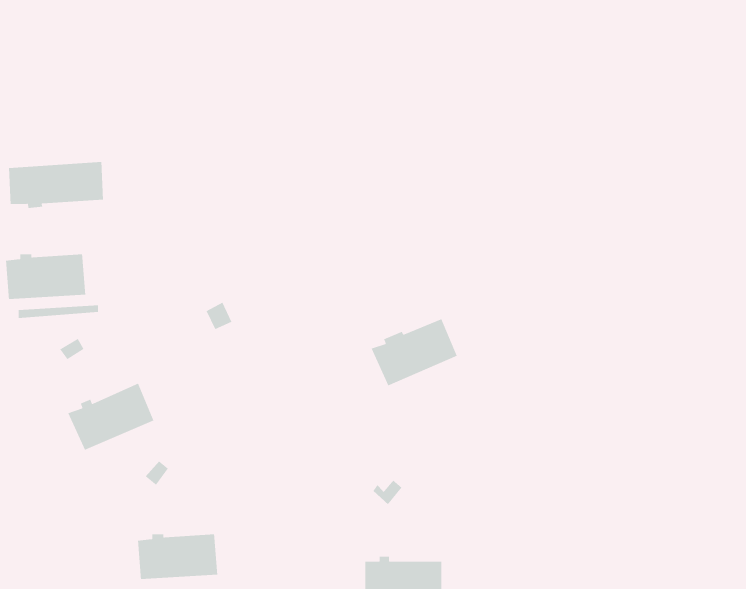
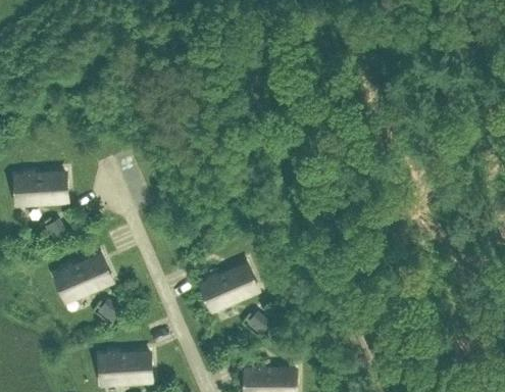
building: [8,161,104,209] -> none
building: [370,318,458,386] -> [200,264,256,308]

